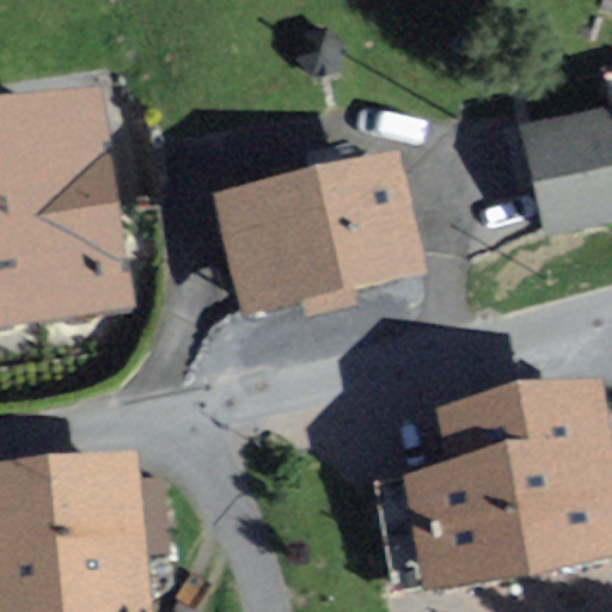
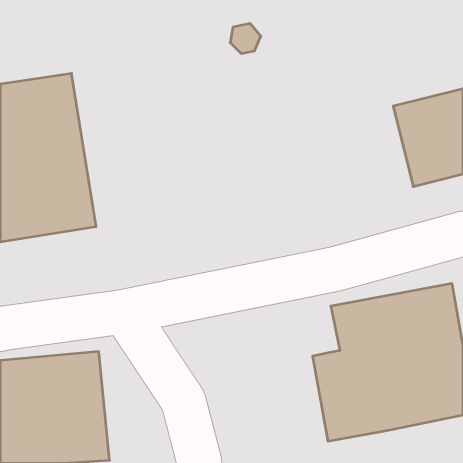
building: [218,152,427,313] -> none

